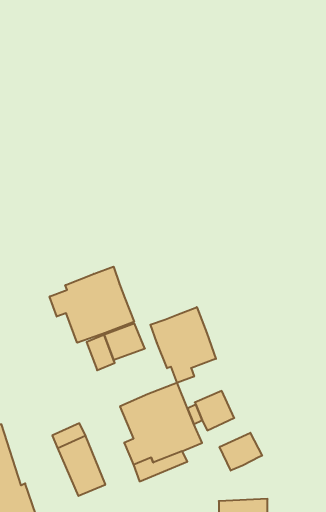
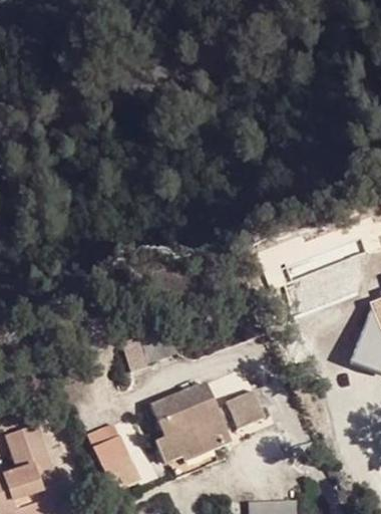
building: [50,267,134,343] -> none
building: [150,307,216,383] -> none
building: [220,433,262,471] -> none

